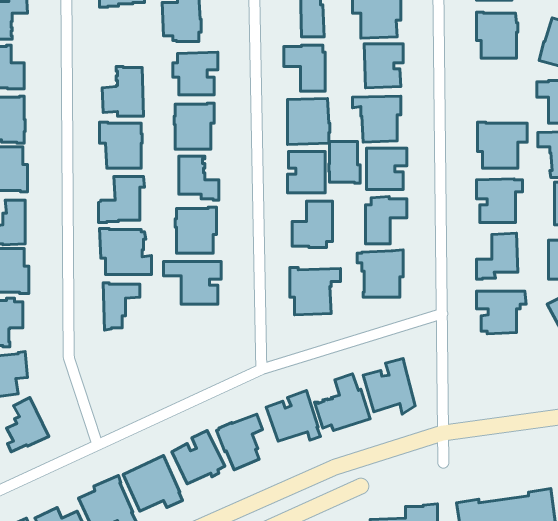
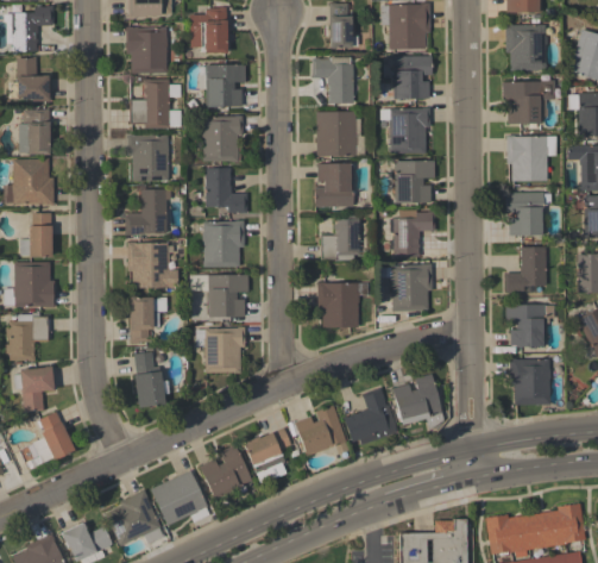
building: none -> [125,26,168,74]
building: none -> [503,80,555,124]
building: [329,141,360,183] -> none
building: none -> [196,326,245,374]
building: none -> [133,351,164,408]
building: none -> [509,358,550,405]

